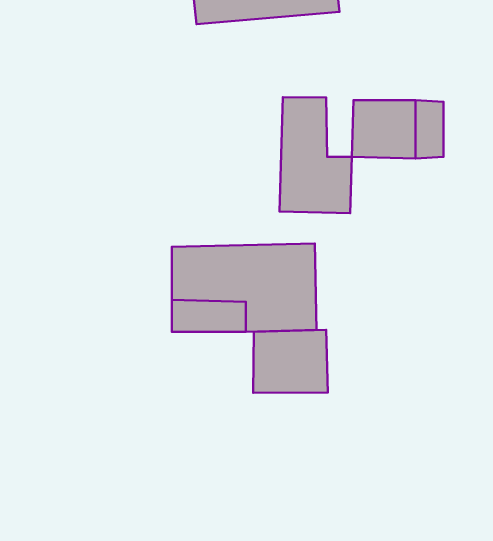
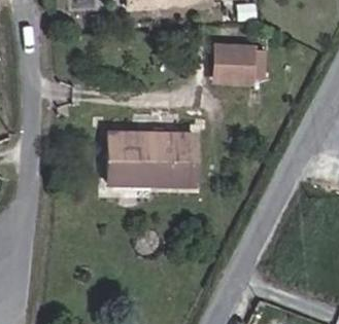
building: [280,97,352,213] -> none
building: [253,330,328,393] -> none

